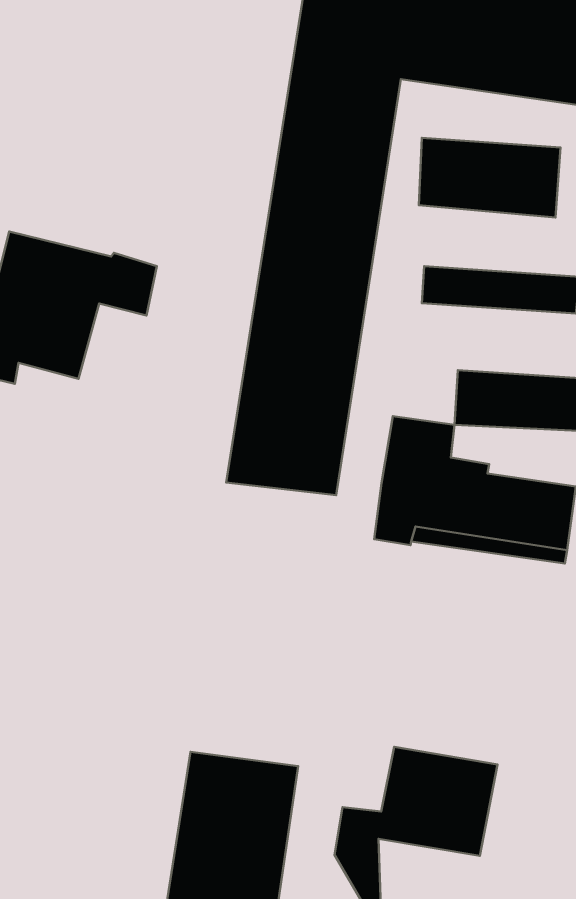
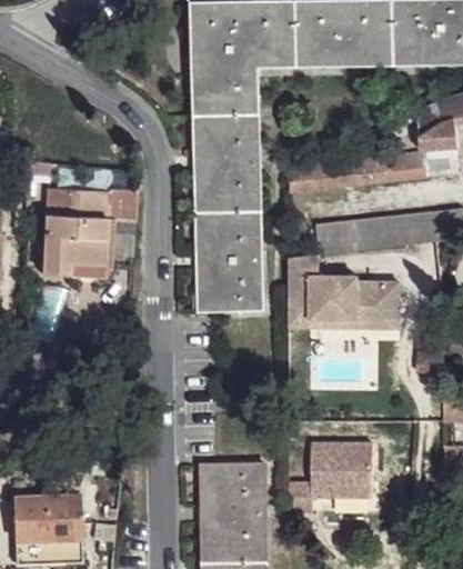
building: [419,138,561,217] -> none

